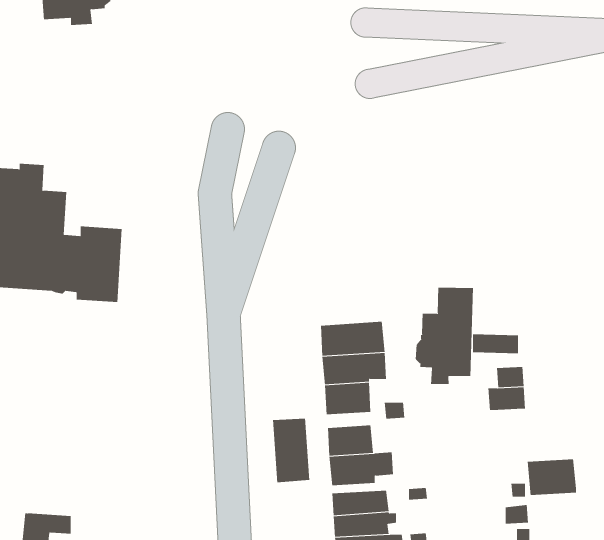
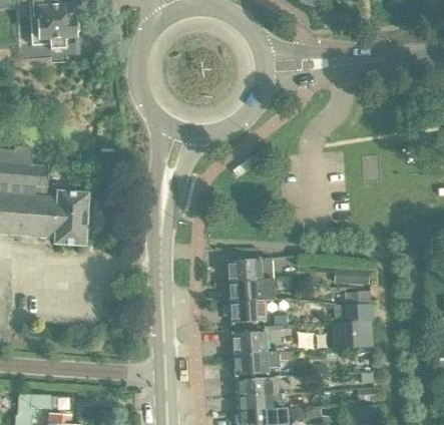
building: [415,287,473,385] -> none
building: [273,418,310,483] -> none
building: [527,459,577,496] -> [338,323,373,349]

